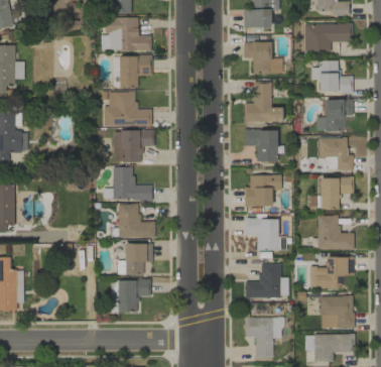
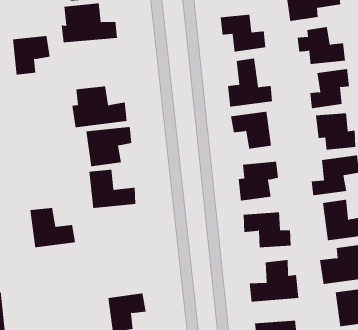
building: [120,55,152,88] -> [12,36,50,75]
building: [118,204,156,238] -> [29,207,76,248]
building: [117,243,152,274] -> none

